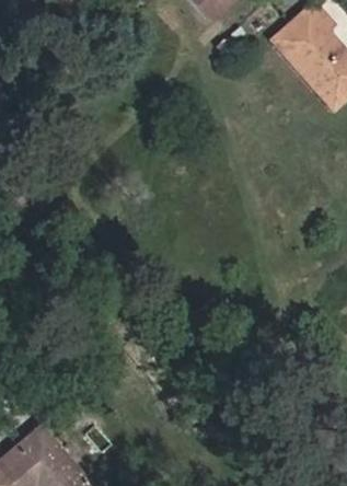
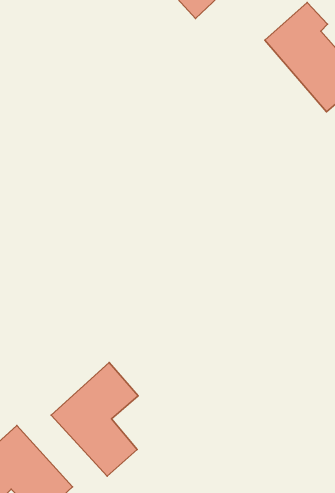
building: none -> [51,362,138,476]

